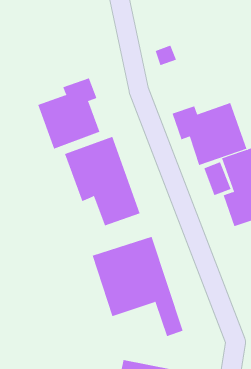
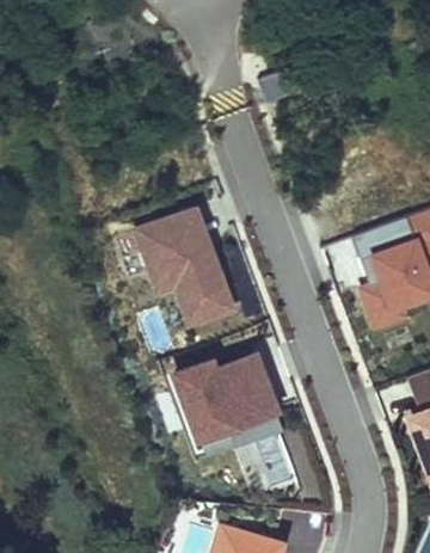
building: [37,77,100,150] -> none
building: [172,102,247,166] -> none

